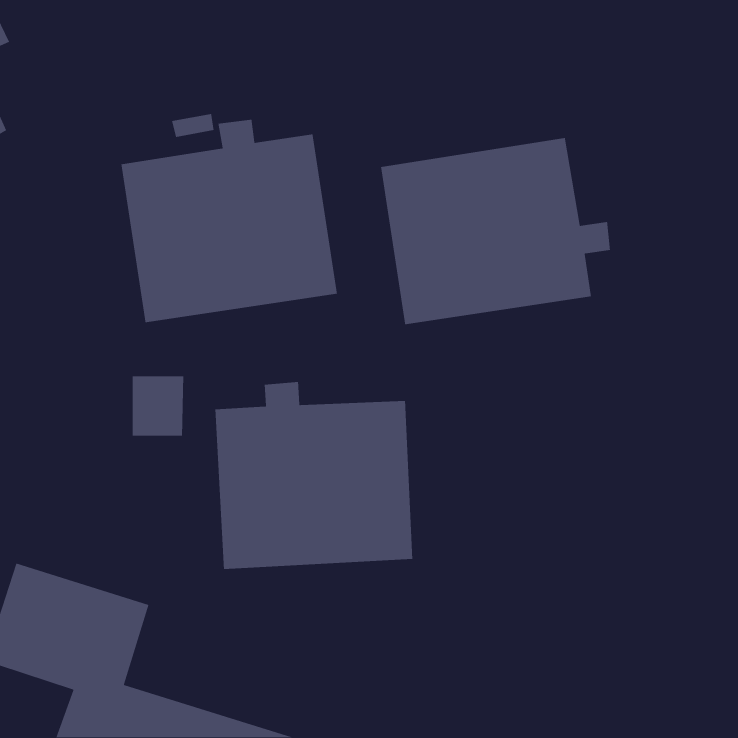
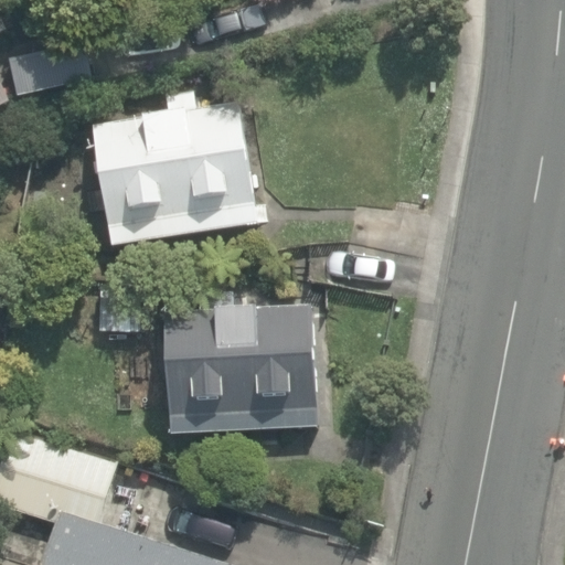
building: [380,137,611,325] -> none

